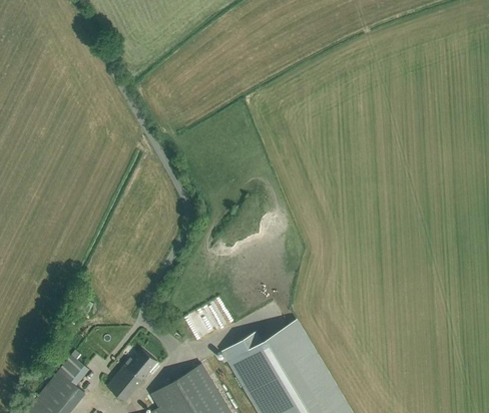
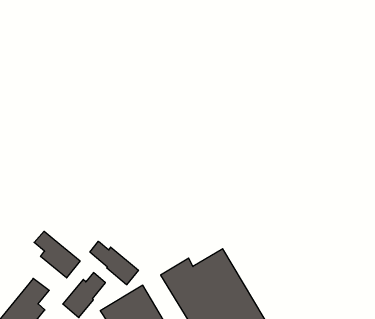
building: none -> [34,231,80,278]
building: none -> [90,241,138,285]

